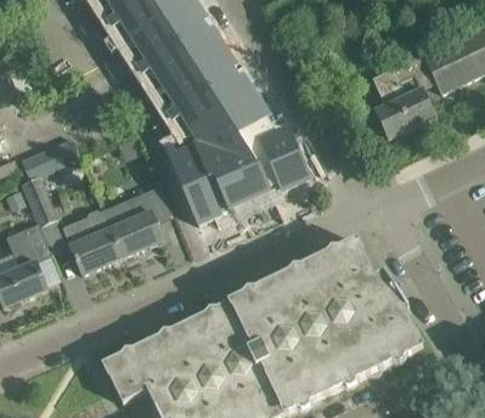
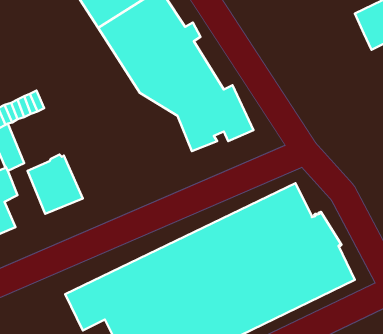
building: [371,52,434,139] -> none
building: [165,140,242,225] -> none
building: [101,185,171,256] -> none

